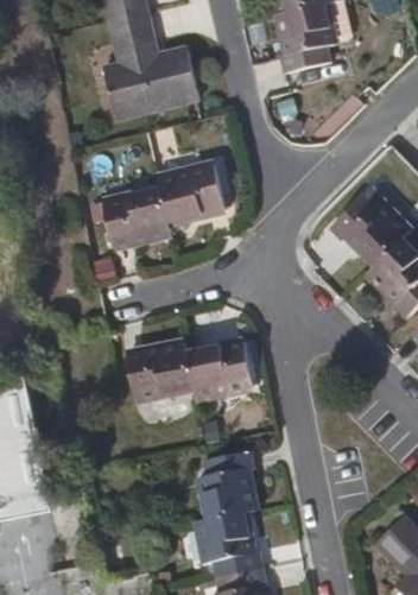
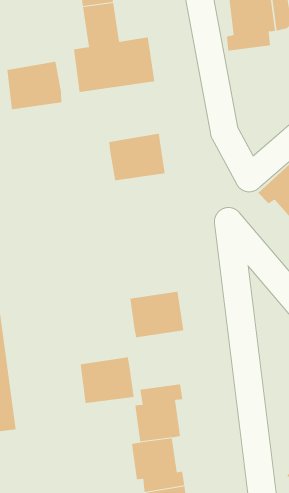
building: [96,189,162,247] -> [6,61,62,110]
building: [128,344,192,400] -> [80,357,134,403]

